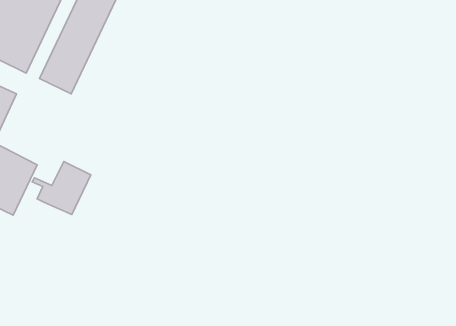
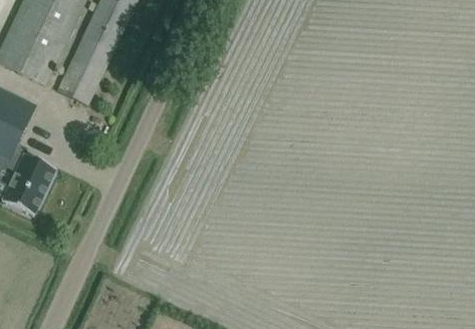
building: [32,162,91,215] -> none

